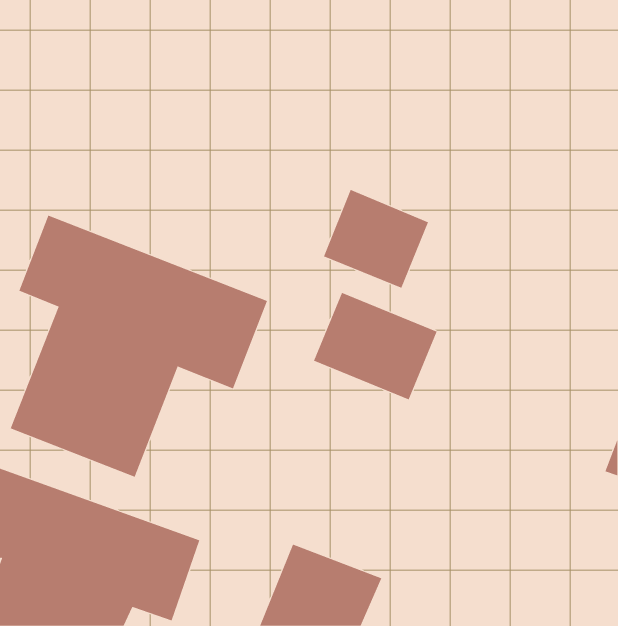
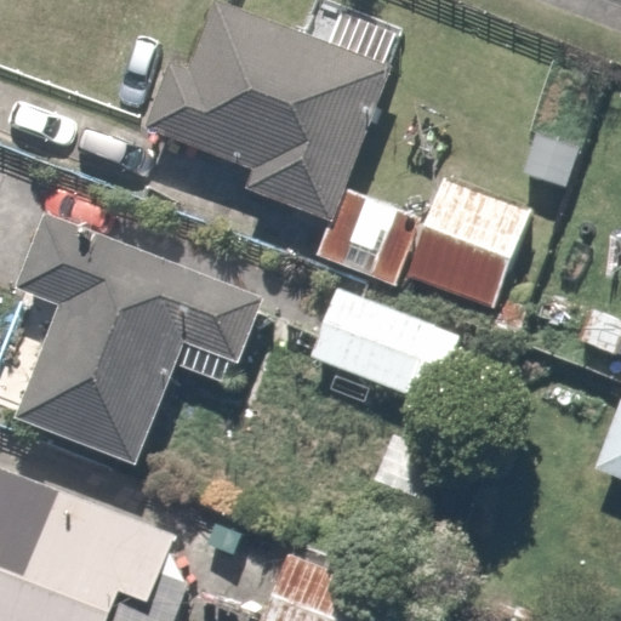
building: none -> [146,6,377,216]
building: none -> [408,181,535,314]

